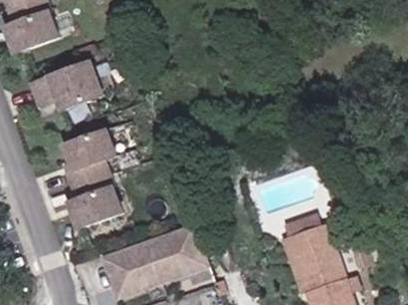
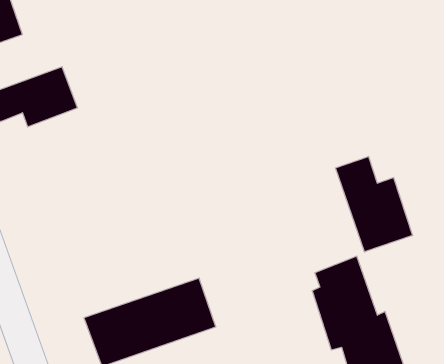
building: [63,127,121,225] -> none
building: none -> [336,156,413,252]

